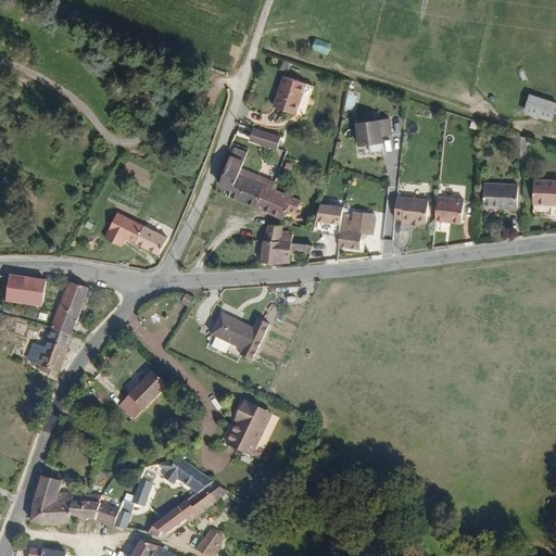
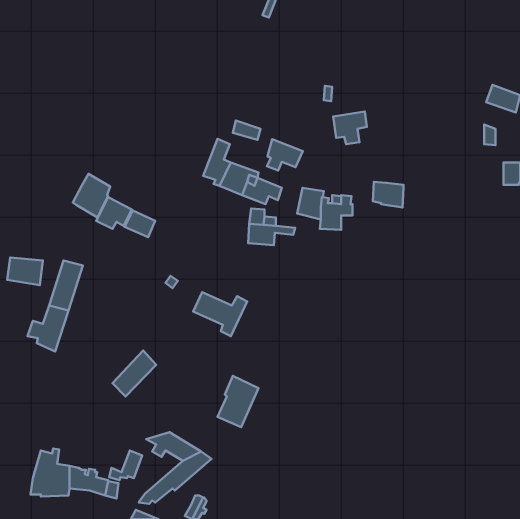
building: [268,78,300,115] -> none
building: none -> [267,139,303,170]
building: [484,178,518,202] -> none
building: none -> [73,174,110,218]
building: [437,194,465,219] -> none

